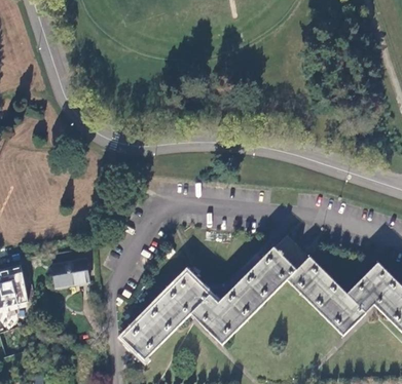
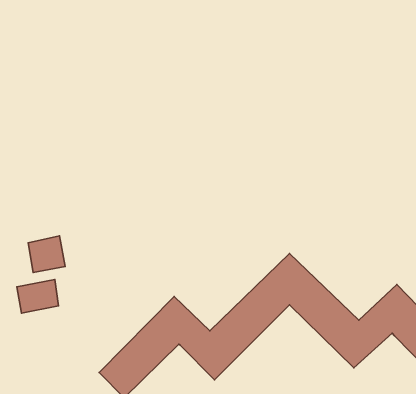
building: none -> [28,236,65,273]

